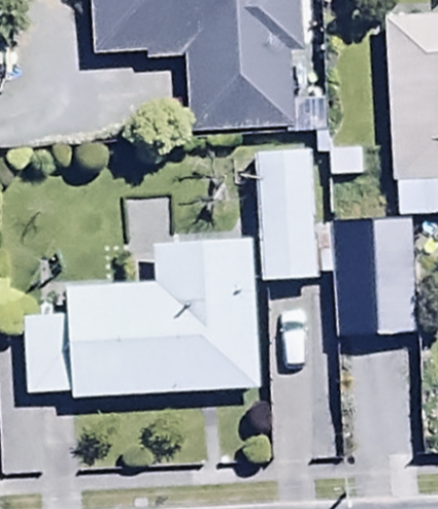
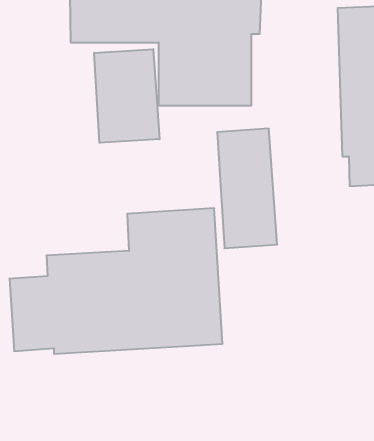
building: none -> [94,49,160,143]
building: [334,215,419,336] -> none

